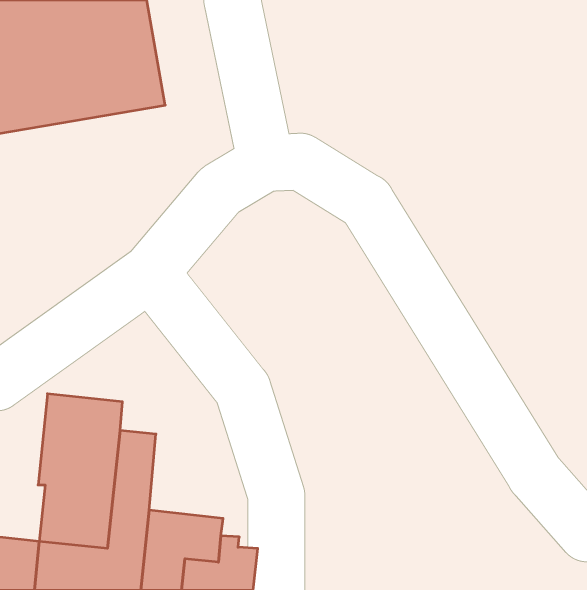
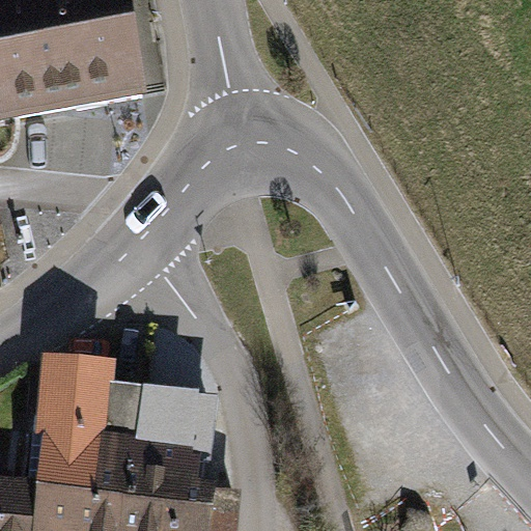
building: none -> [134,390,217,467]

